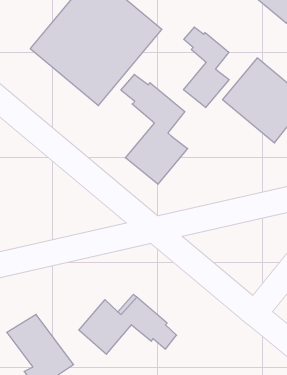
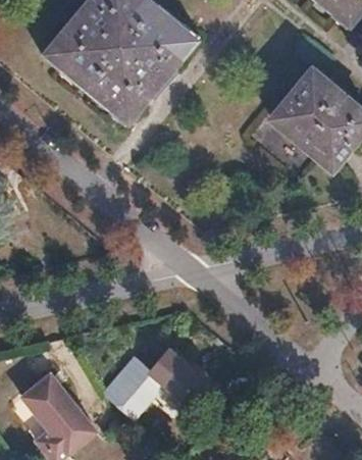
building: [183,27,229,108] -> none
building: [121,74,188,184] -> none

